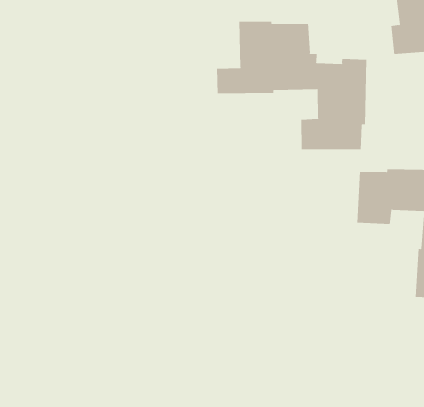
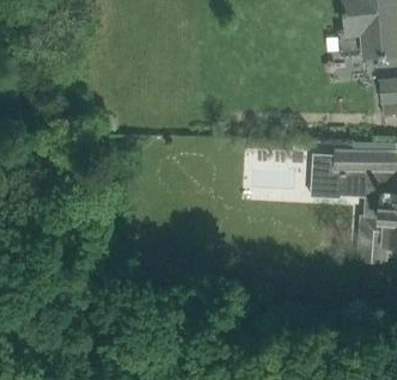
building: [217,21,367,150] -> none

